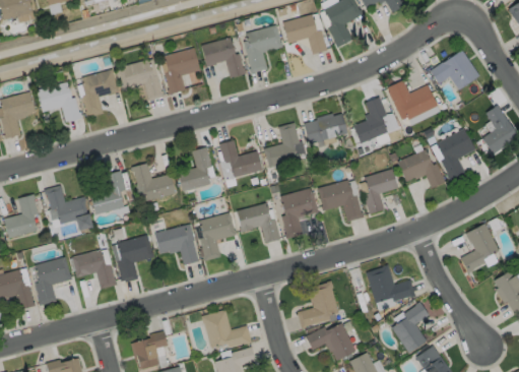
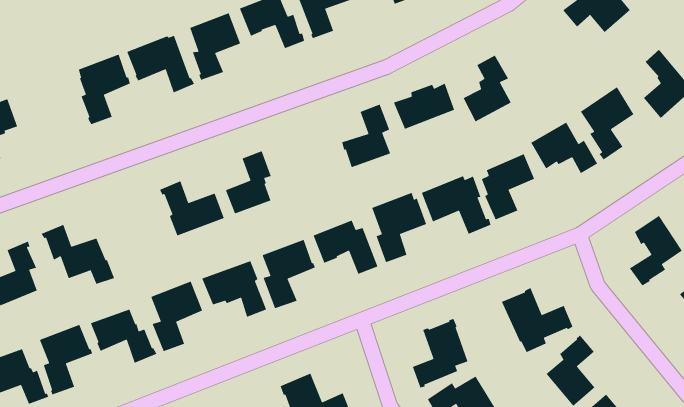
building: [388,80,438,120] -> none
building: [37,81,82,121] -> none
building: [219,140,262,181] -> none
building: [90,171,126,215] -> none

